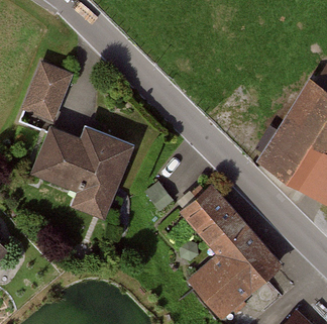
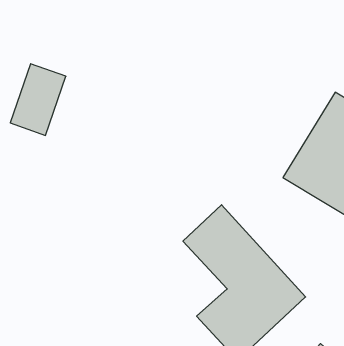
building: [30,116,133,221] -> none

